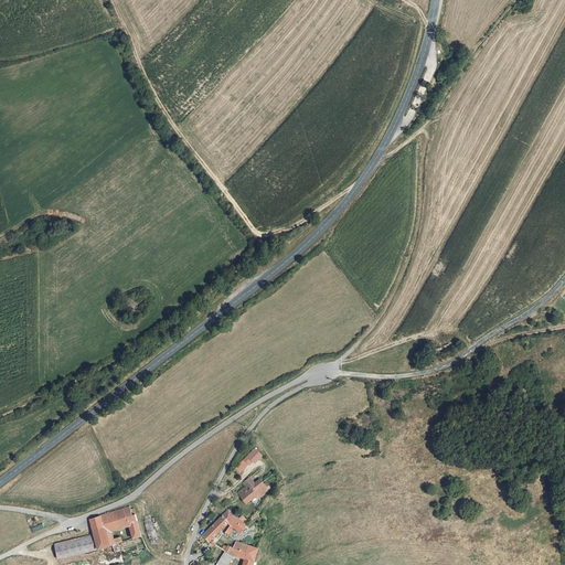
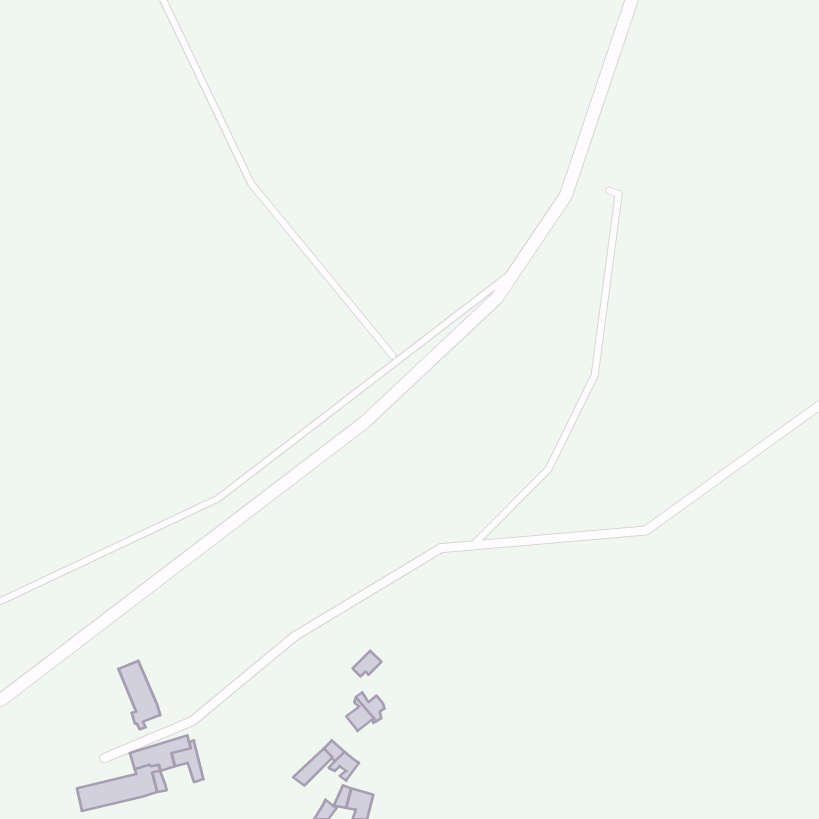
building: none -> [118,661,160,729]

